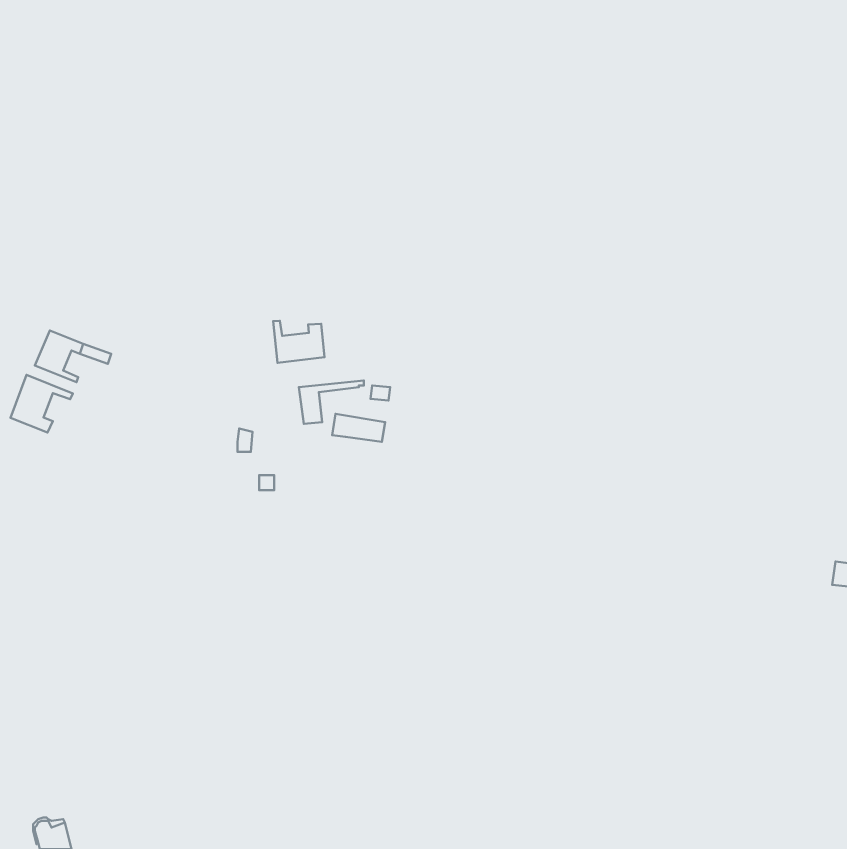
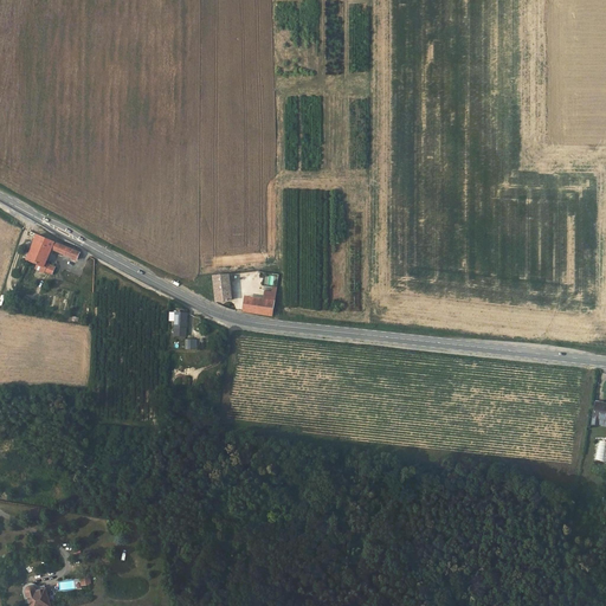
building: [273,321,325,363] -> none
building: [11,375,73,432] -> none

